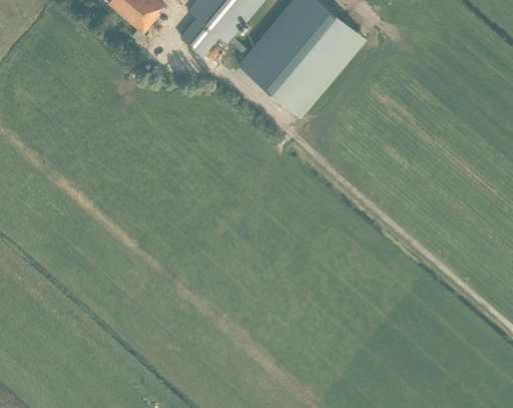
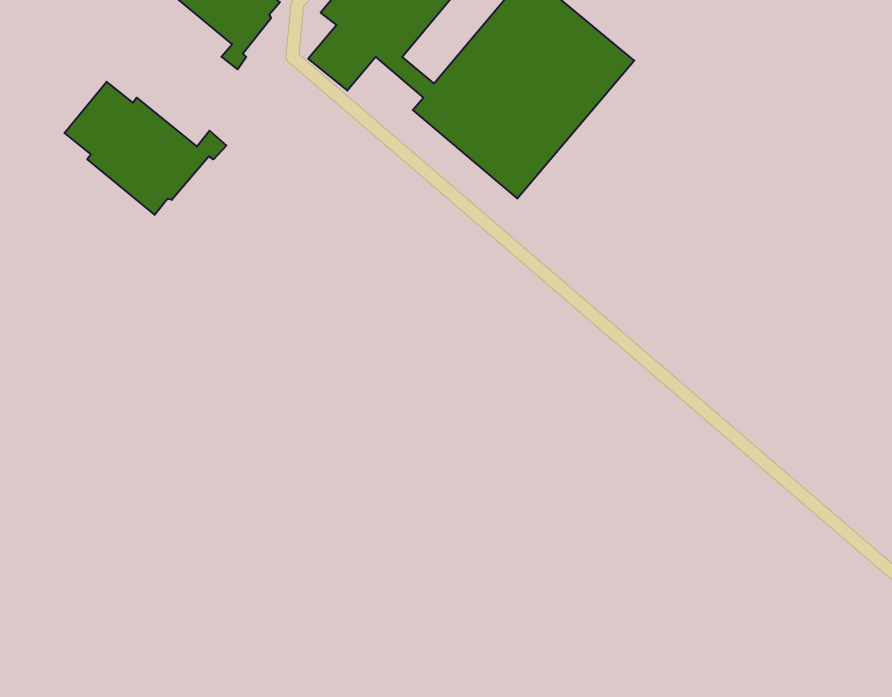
building: none -> [64,82,226,215]

